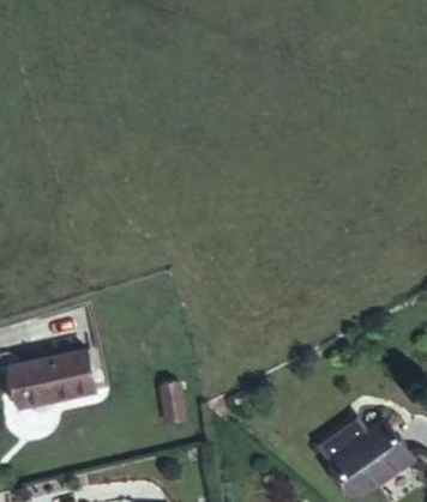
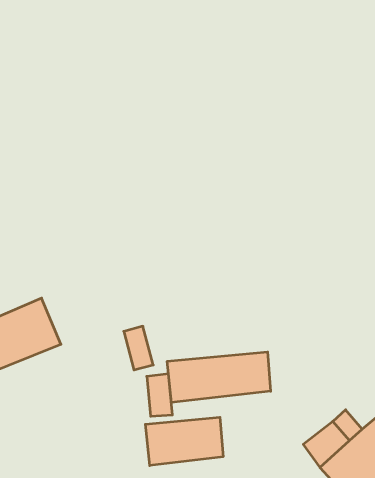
building: none -> [167,352,271,403]
building: none -> [145,417,223,466]

